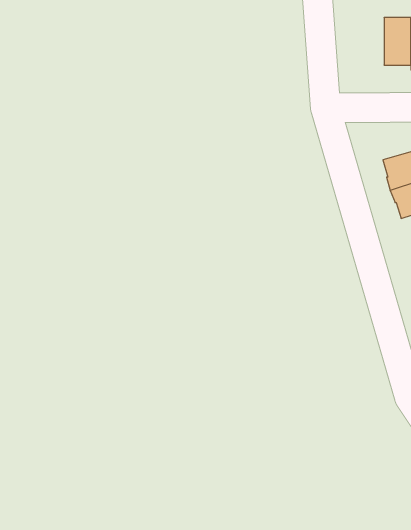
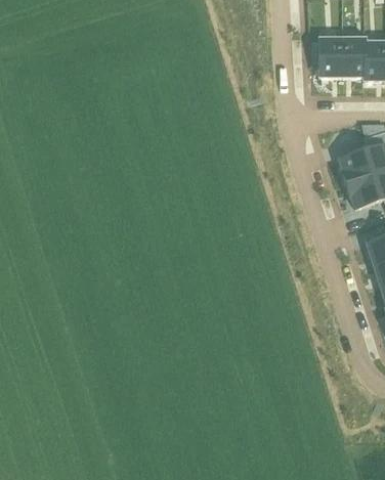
building: none -> [317,37,340,77]

